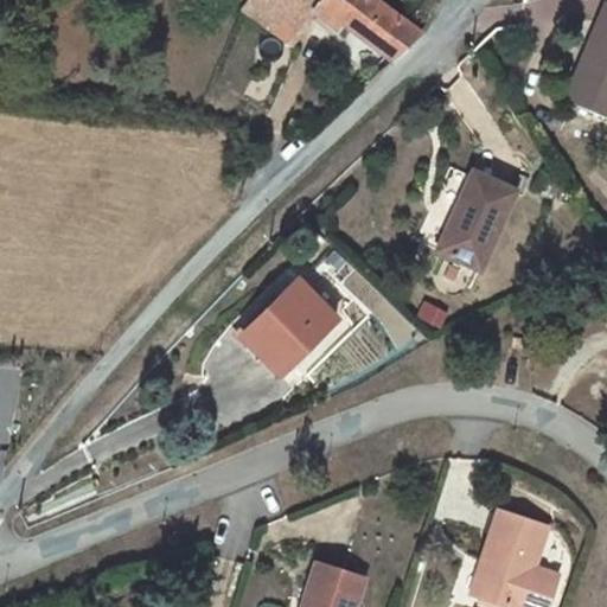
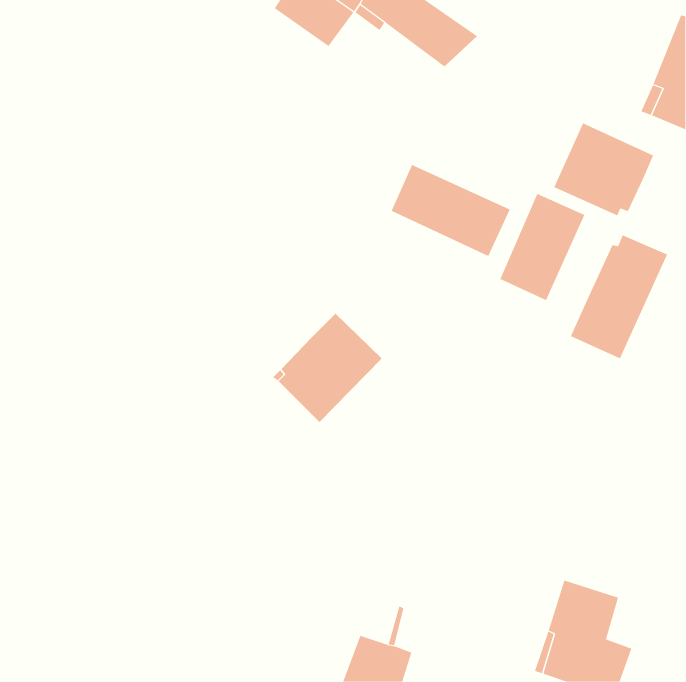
building: none -> [553,123,654,216]
building: none -> [391,164,511,257]
building: none -> [570,234,668,359]

